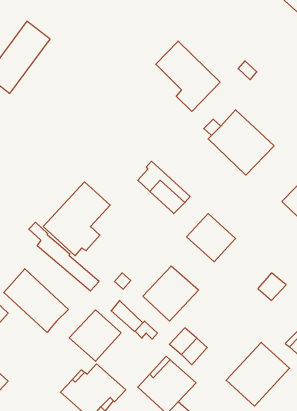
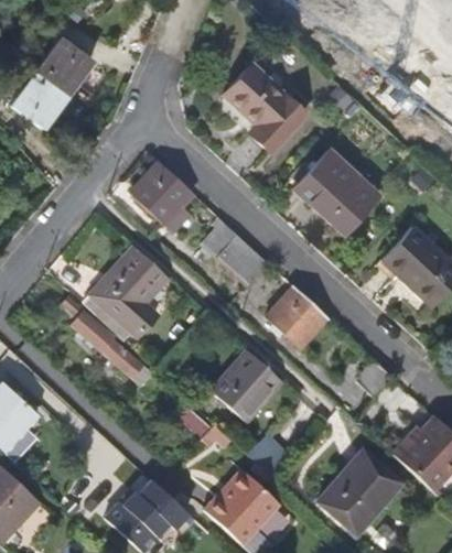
building: none -> [131,161,194,227]
building: [4,269,68,332] -> none
building: [69,310,121,361] -> none

